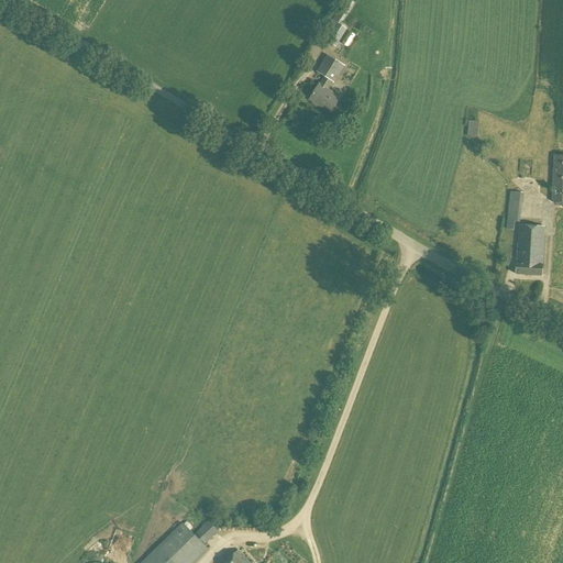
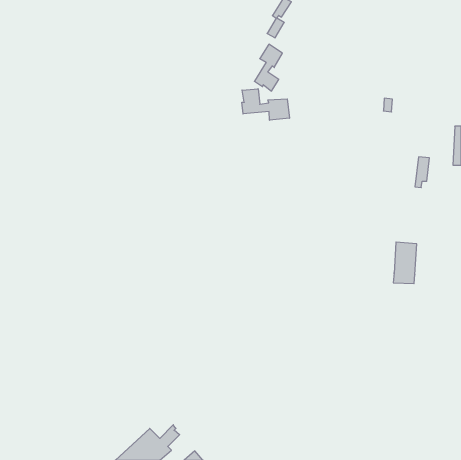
building: none -> [242,89,289,120]
building: [516,224,544,275] -> [393,242,417,284]

